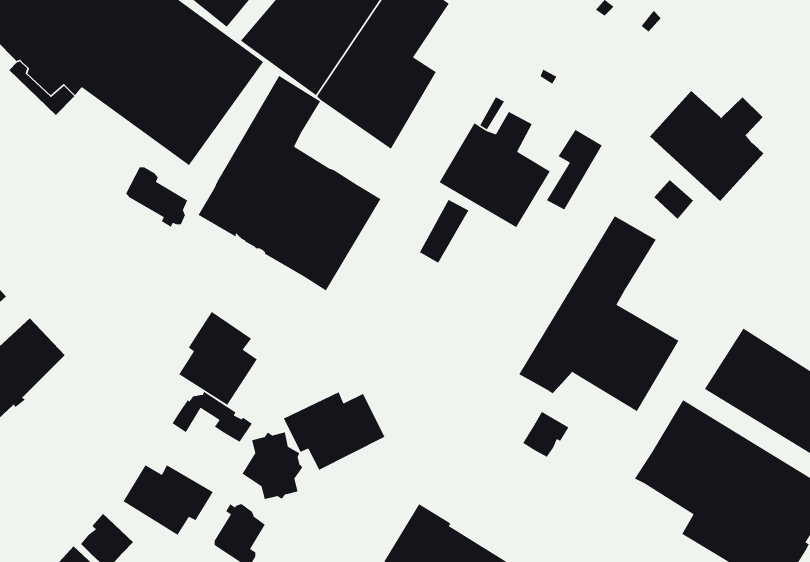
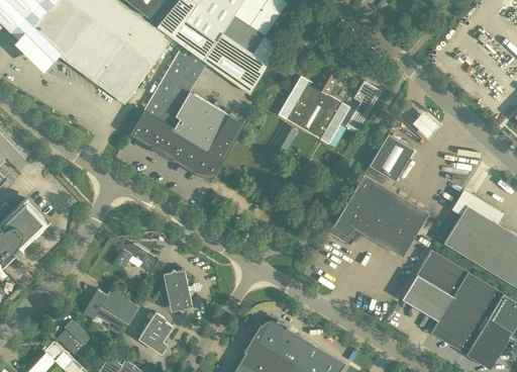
building: [649,90,765,202] -> none
building: [125,166,188,228] -> none
building: [178,311,258,406] -> none
building: [283,391,385,471] -> none
building: [522,411,570,458] -> none

